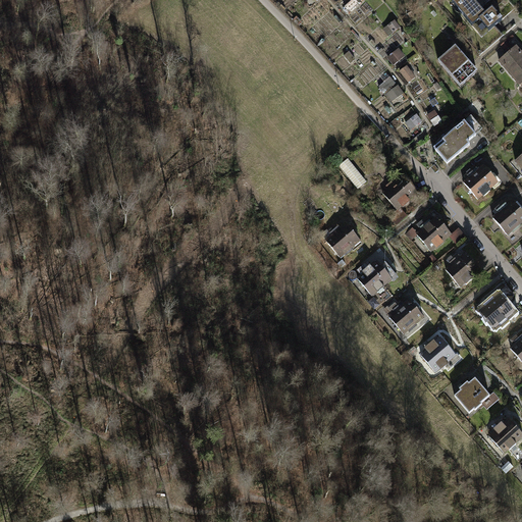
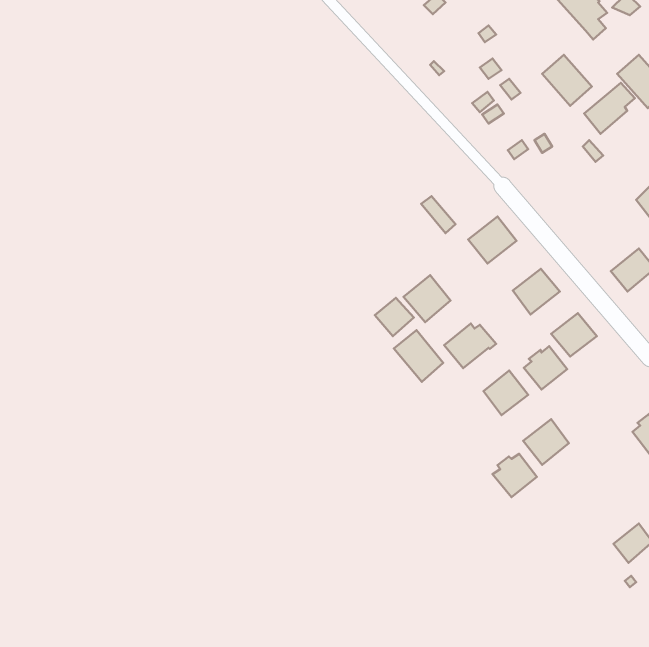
building: [432,120,473,161] -> [584,83,635,134]
building: [466,161,502,197] -> none
building: none -> [375,298,414,336]
building: none -> [394,330,443,382]
building: [477,292,512,326] -> [524,346,567,389]
building: [455,376,490,411] -> [492,454,537,497]

